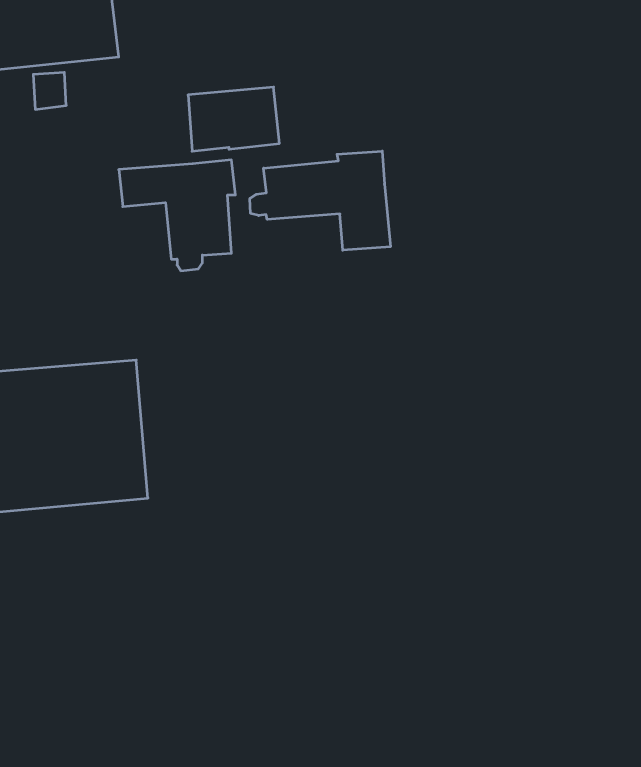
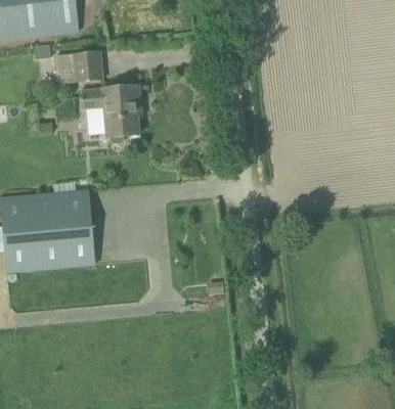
building: [188,87,279,151] -> [54,50,102,84]
building: [250,151,390,250] -> none

